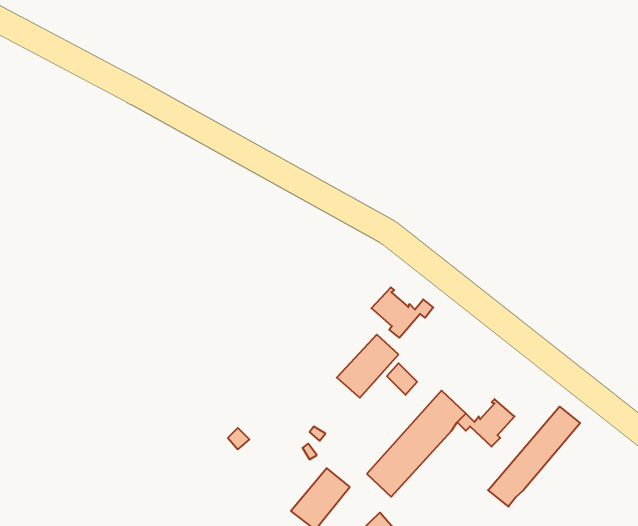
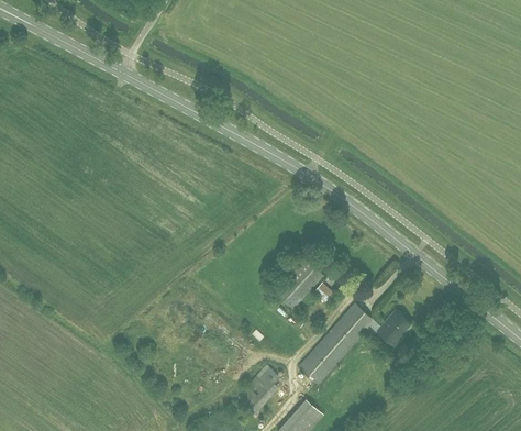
building: [371,287,433,338] -> none
building: [488,407,580,507] -> none

